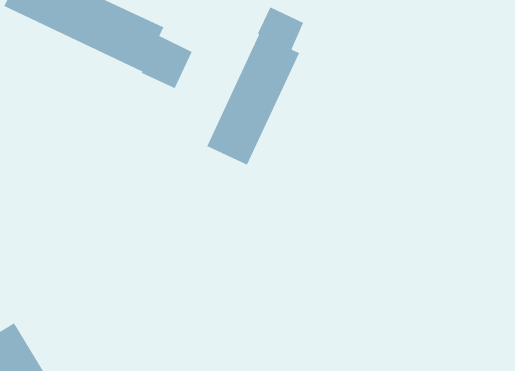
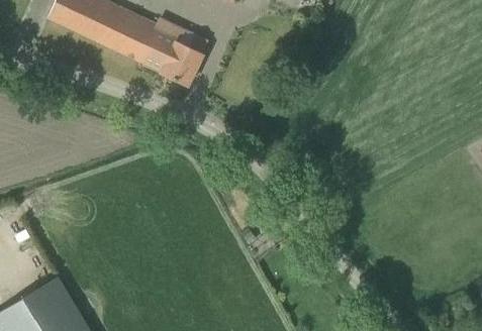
building: [206,7,304,165] -> none

